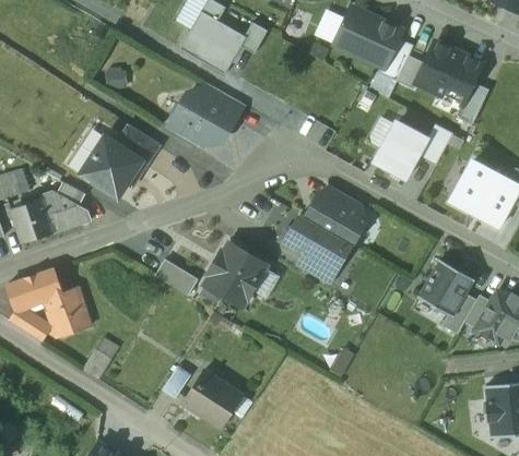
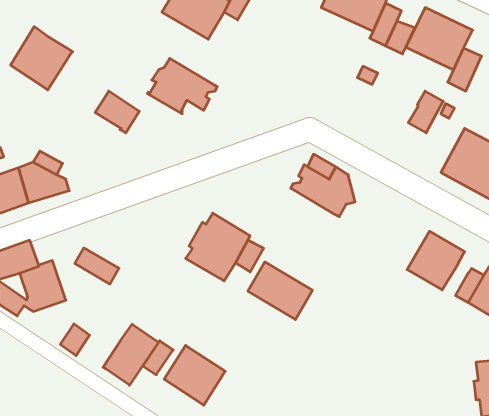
building: [199,84,240,119] -> none
building: [375,121,428,180] -> none
building: [81,136,141,197] -> [11,27,73,90]
building: [283,215,345,271] -> [248,262,312,320]
building: [154,261,197,296] -> [75,248,119,284]
building: [441,293,476,334] -> none
building: none -> [103,324,159,385]

